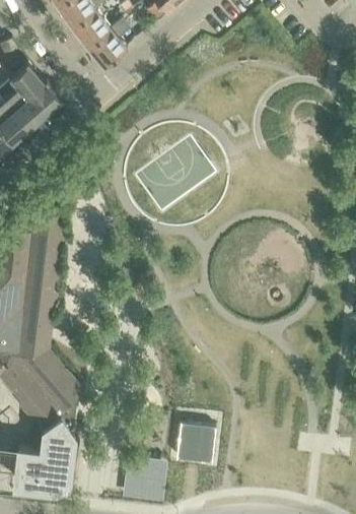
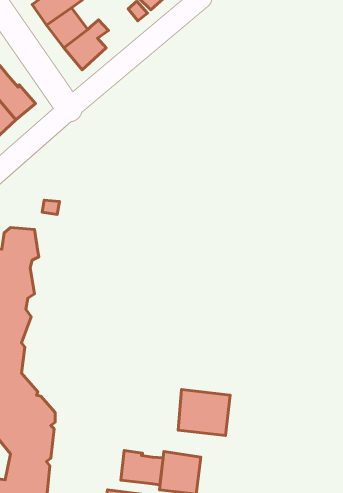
building: none -> [178,389,230,436]
building: none -> [121,450,163,485]

